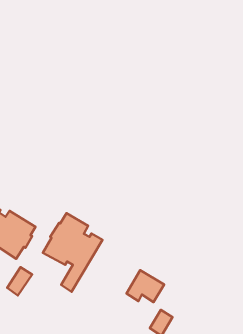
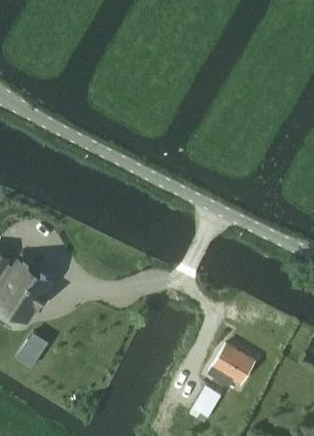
building: [43,213,103,292] -> none
building: [127,270,164,302] -> [208,343,254,383]

